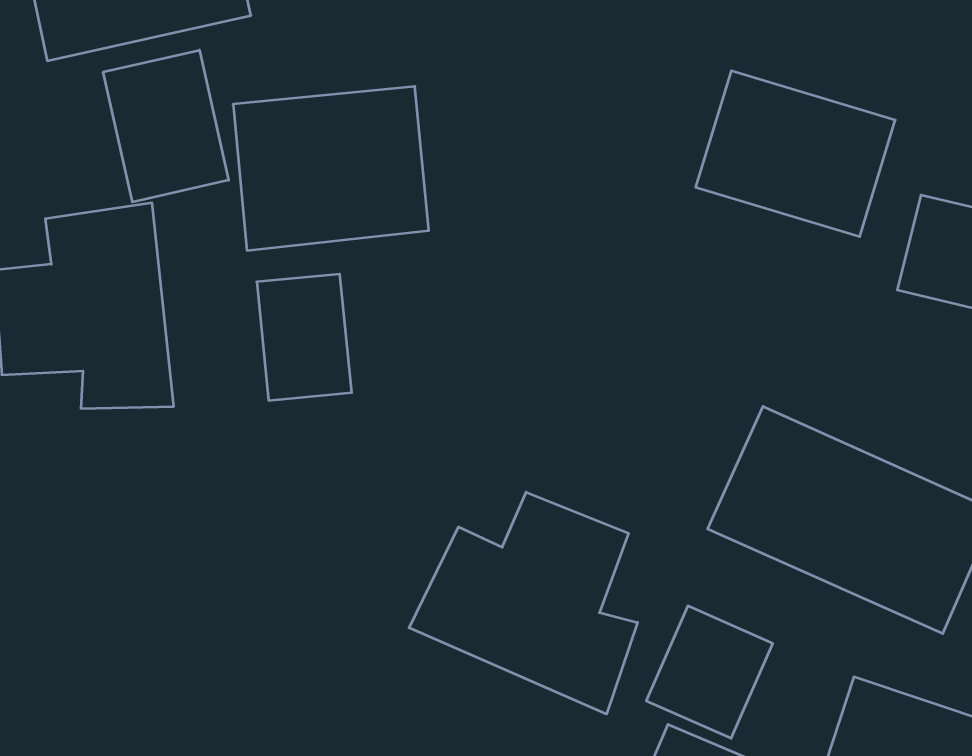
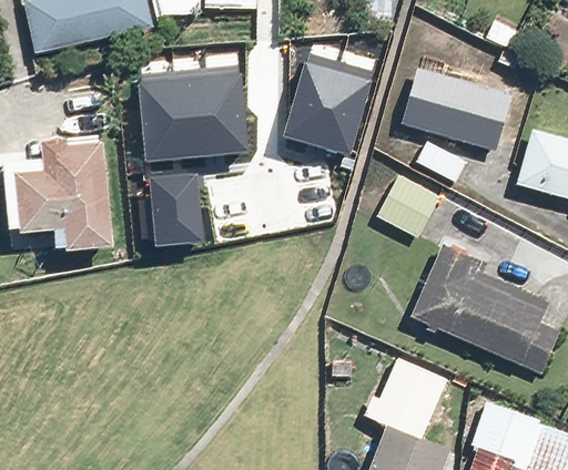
building: [103,50,229,202] -> none
building: none -> [284,59,375,156]
building: none -> [371,172,436,236]
building: [409,492,638,714] -> none

